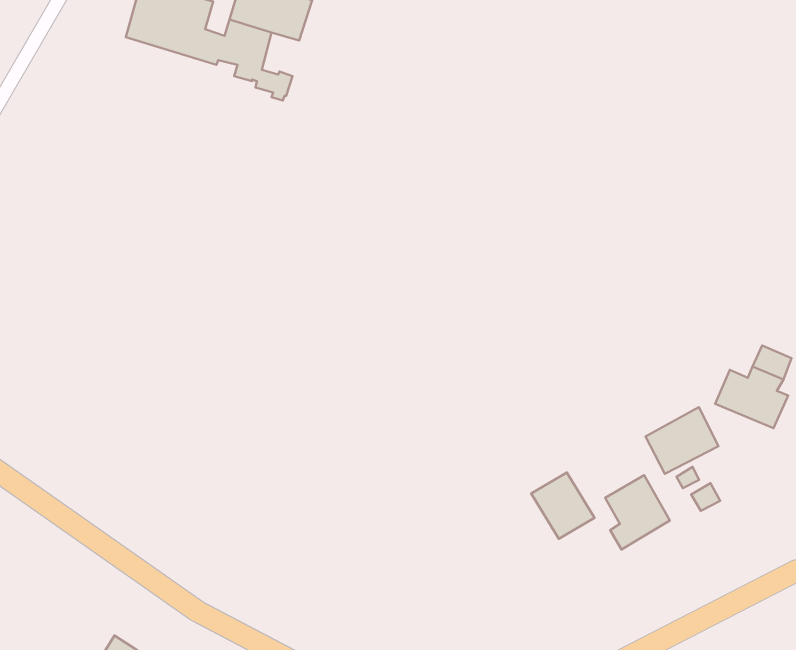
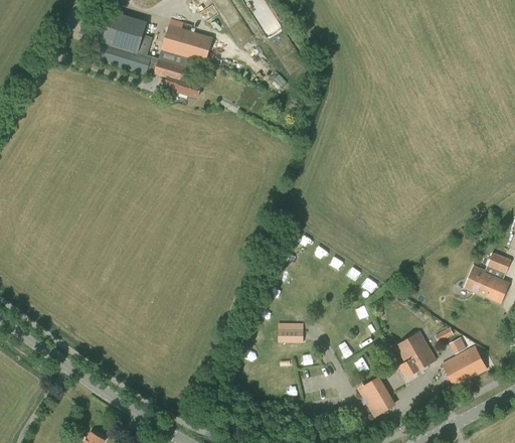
building: [646,407,718,474] -> [442,345,487,387]
building: none -> [279,322,303,342]
building: [531,472,594,539] -> [357,376,396,417]

